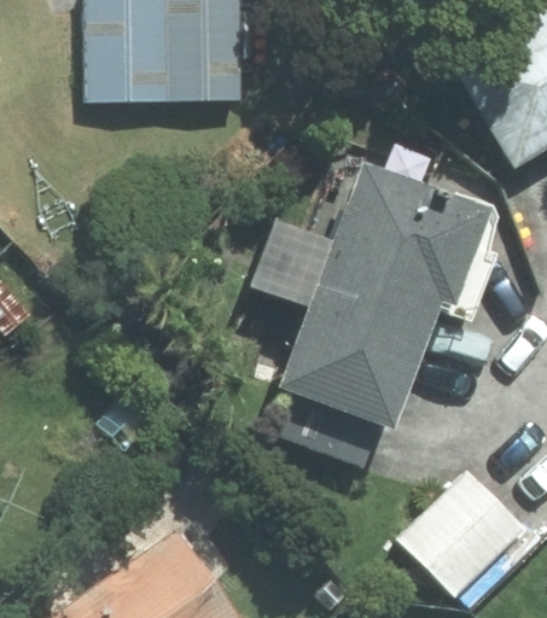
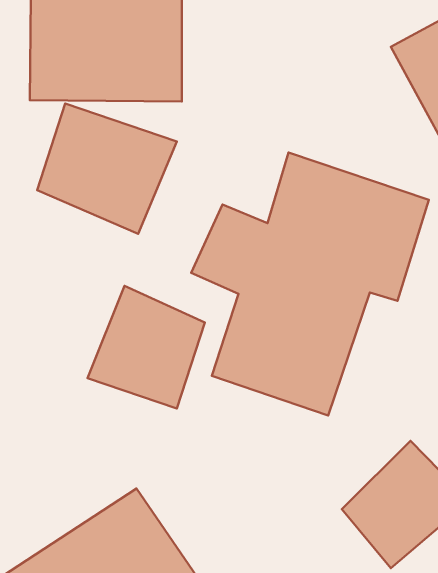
building: none -> [37,104,177,234]
building: none -> [87,286,205,408]

